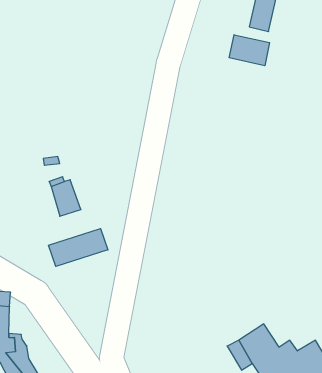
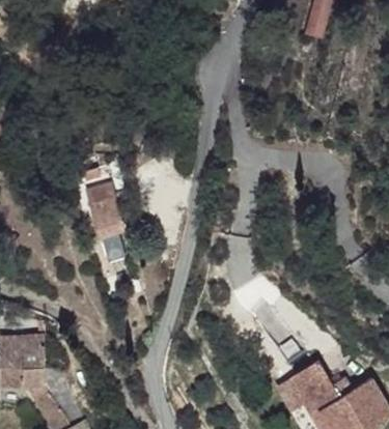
building: [229,35,270,66] -> none
building: [49,229,108,266] -> none

